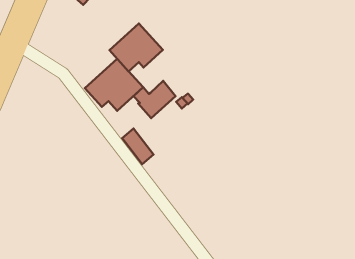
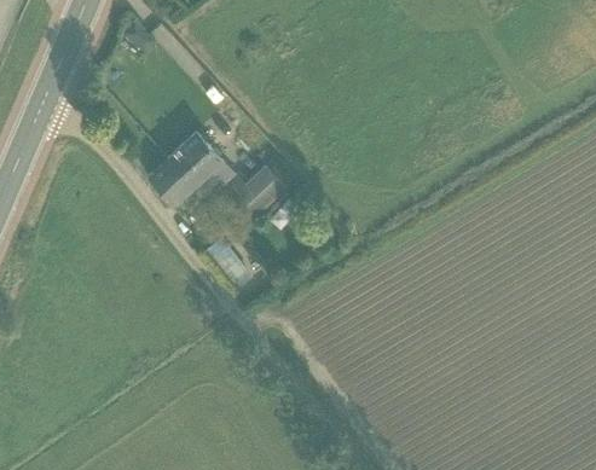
building: [109,24,163,71] -> none

